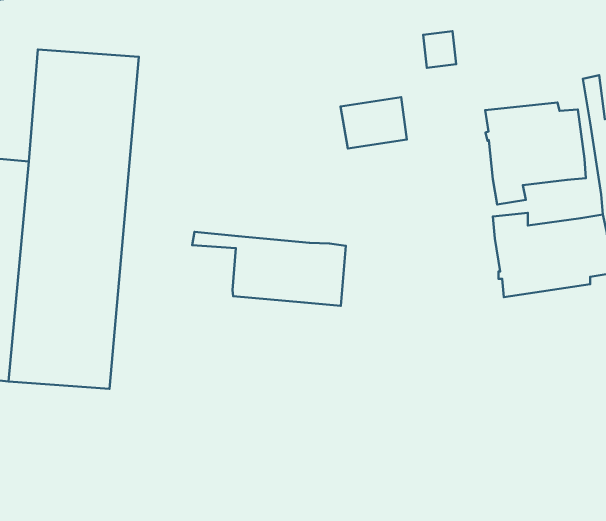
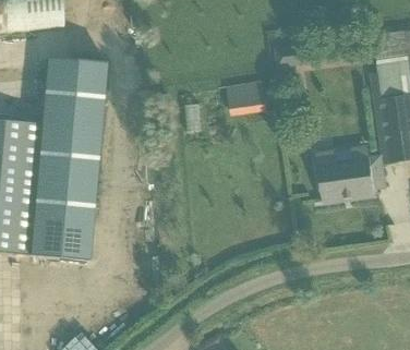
building: [485,103,586,204] -> none
building: [192,232,346,306] -> none

